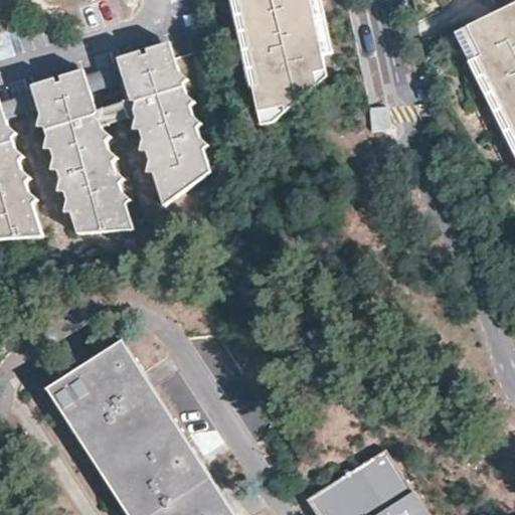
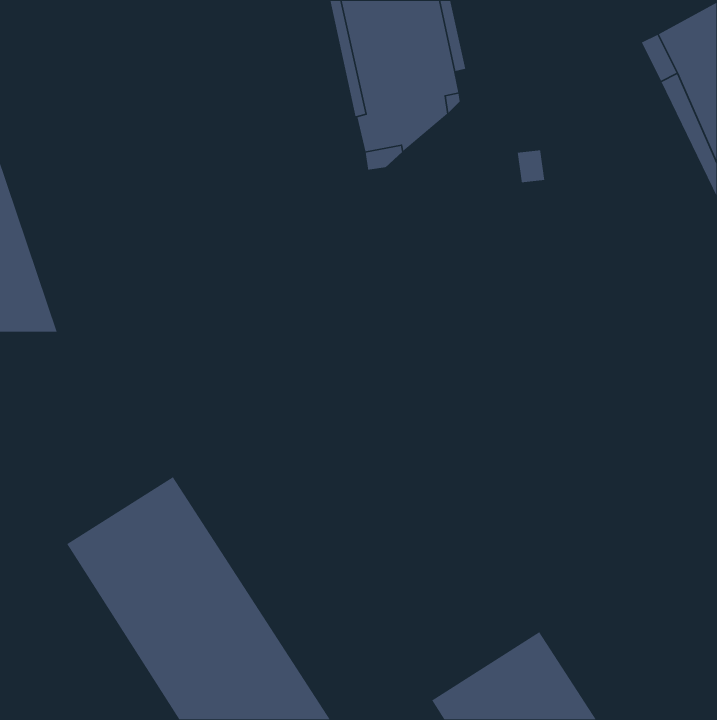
building: [116,42,206,205] -> none
building: [28,69,129,232] -> none

